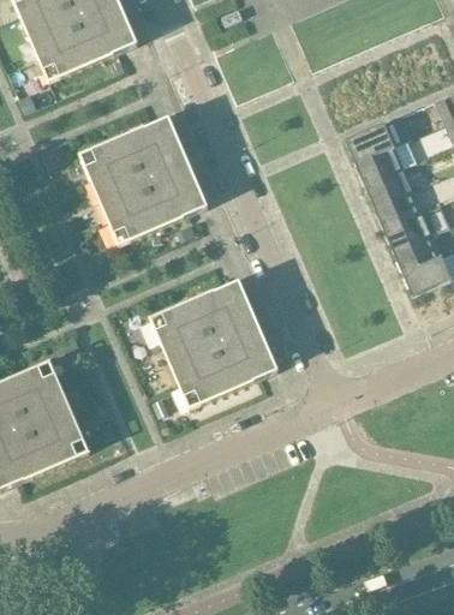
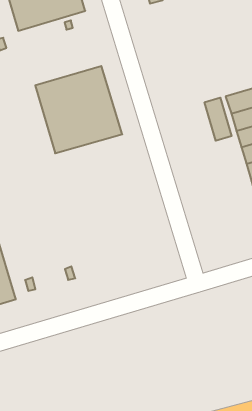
building: none -> [205,98,232,141]
building: [150,277,277,406] -> none

